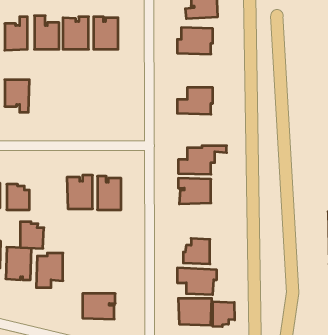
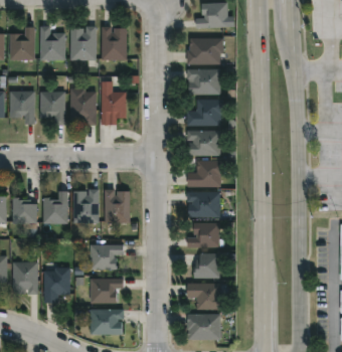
building: none -> [186,68,220,94]
building: none -> [69,87,96,125]
building: none -> [40,91,65,125]
building: none -> [101,91,126,125]
building: none -> [186,130,220,155]
building: none -> [186,221,218,246]
building: [20,222,44,248] -> [43,197,67,224]
building: none -> [90,244,123,270]
building: none -> [90,278,124,304]
building: [213,302,235,327] -> none

